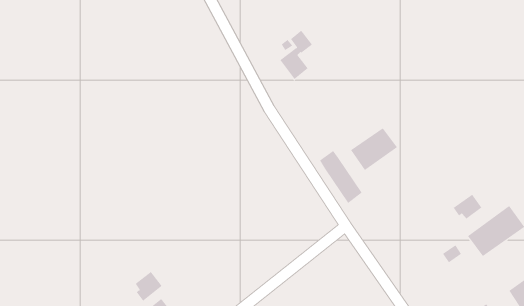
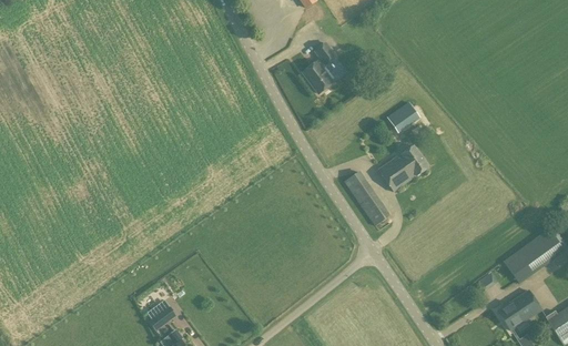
building: none -> [390,101,422,131]
building: [453,194,482,220] -> none
building: none -> [497,291,541,330]

